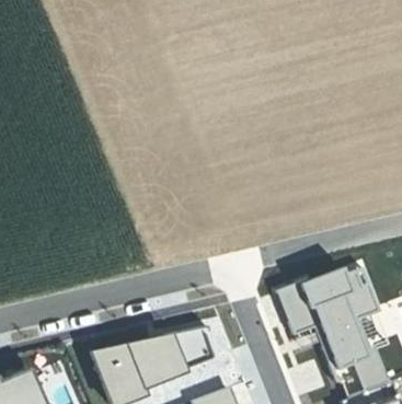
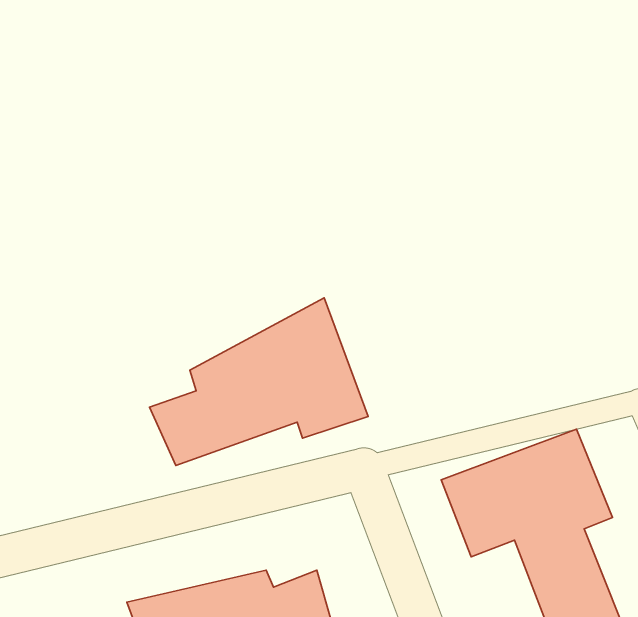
building: none -> [149,298,368,465]

